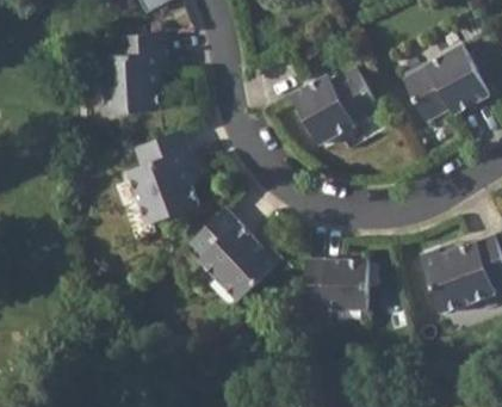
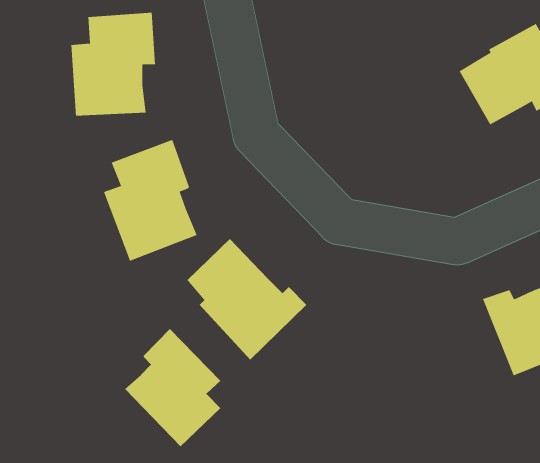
building: [289,70,379,148] -> none
building: [306,260,370,313] -> none
building: none -> [124,328,221,447]

